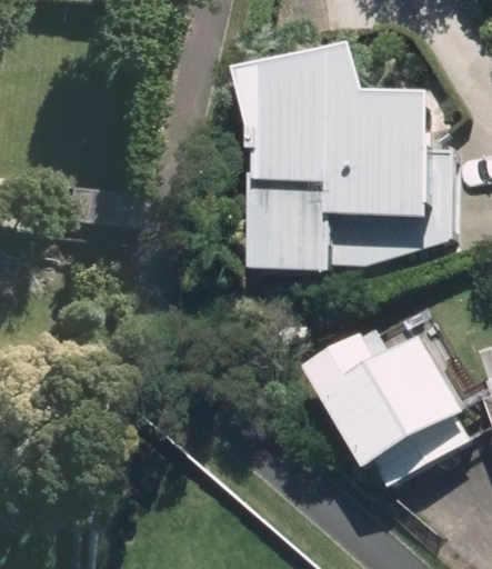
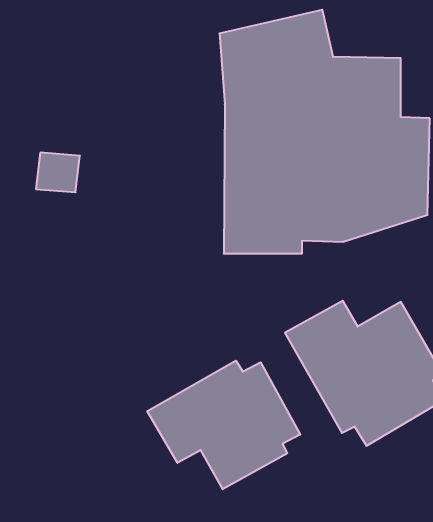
building: none -> [147,361,300,489]

